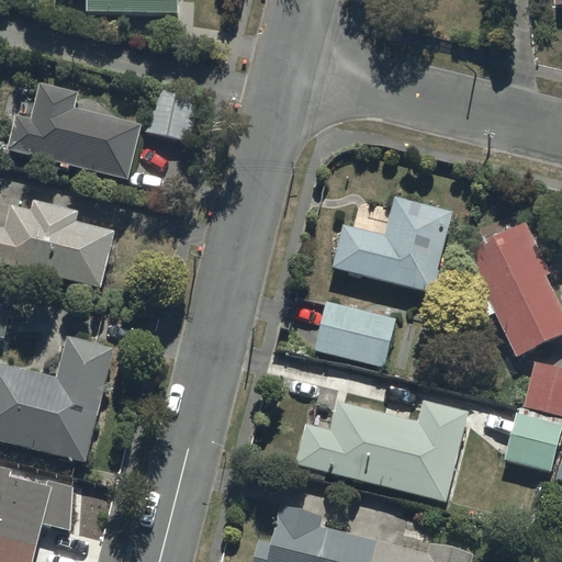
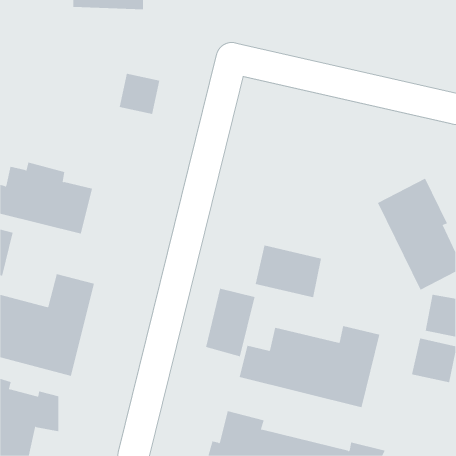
building: [7,81,143,181] -> none
building: [331,196,451,292] -> none
building: none -> [205,288,255,357]

